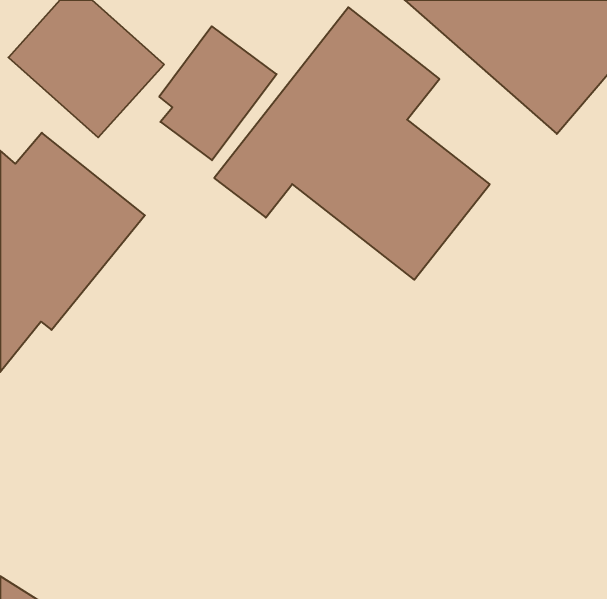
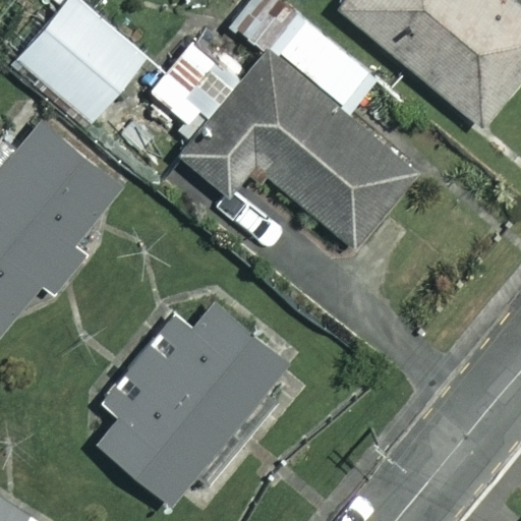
building: none -> [94,299,285,501]

